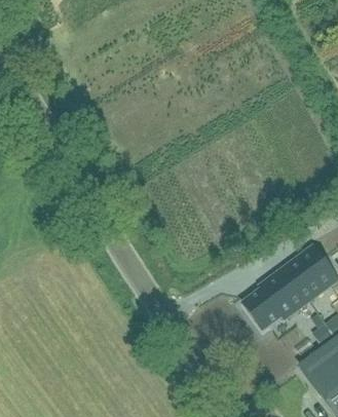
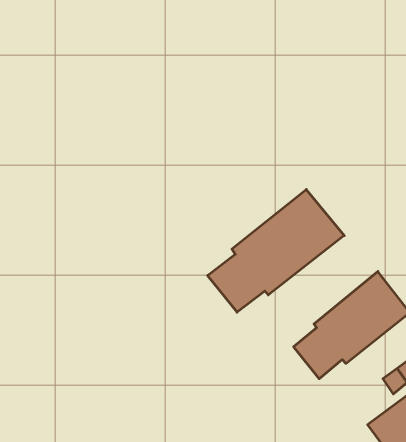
building: none -> [208,189,344,312]

